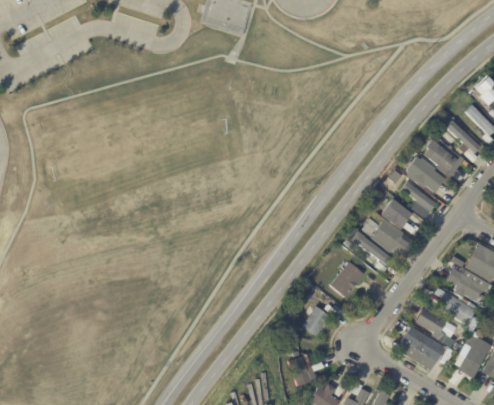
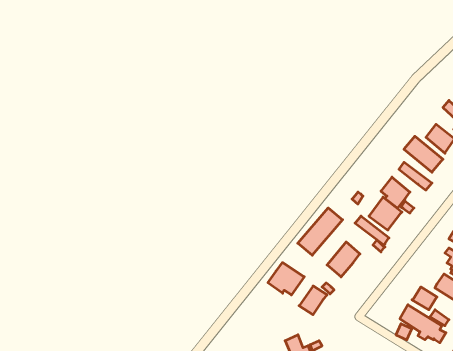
building: none -> [298,208,343,255]
building: none -> [268,263,304,295]

